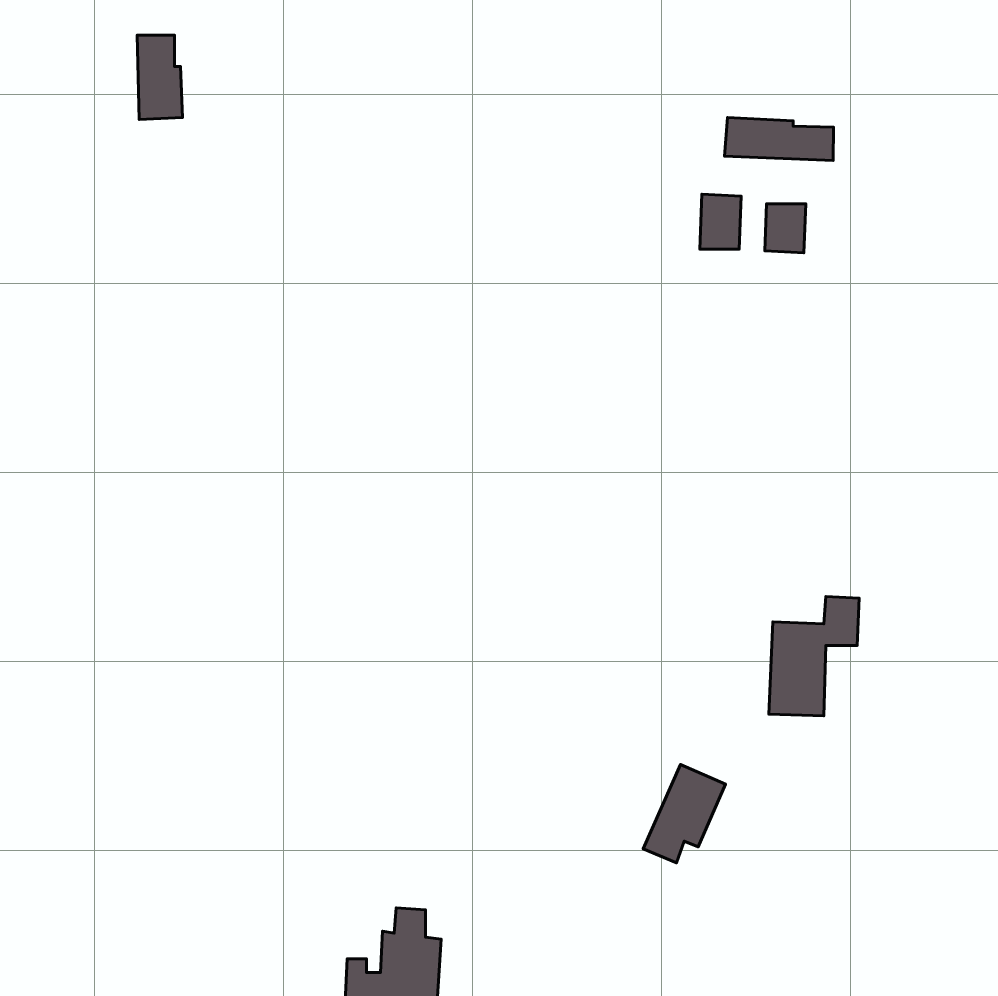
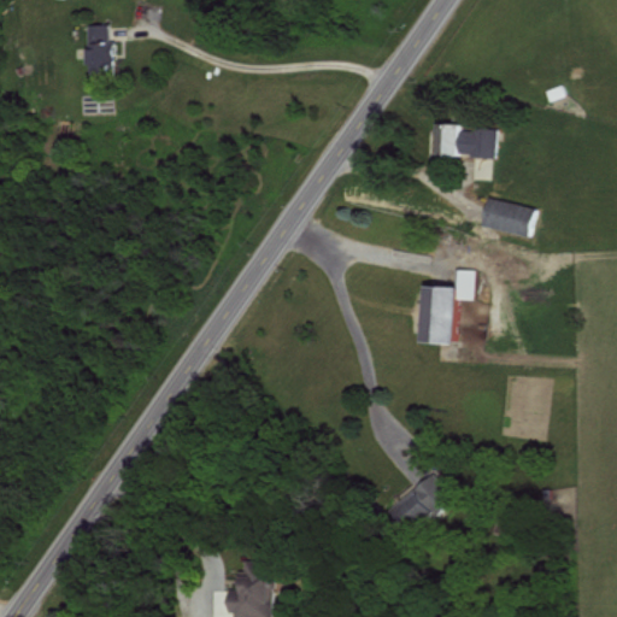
building: [725,117,834,161] -> none
building: none -> [478,200,533,236]
building: [769,596,859,716] -> [418,270,474,343]

